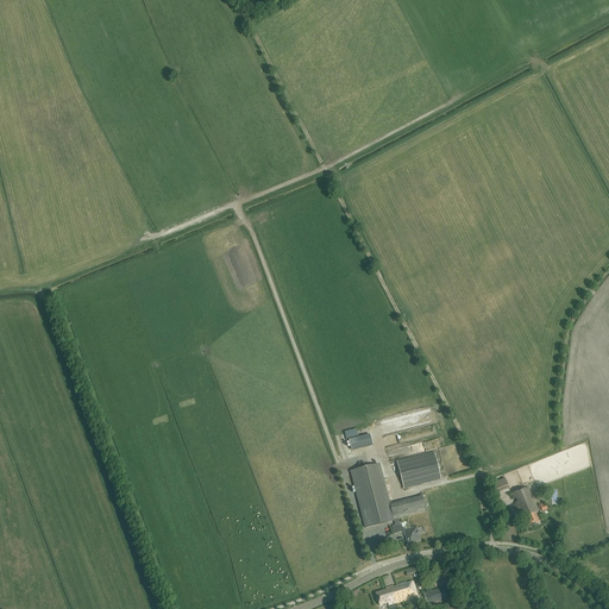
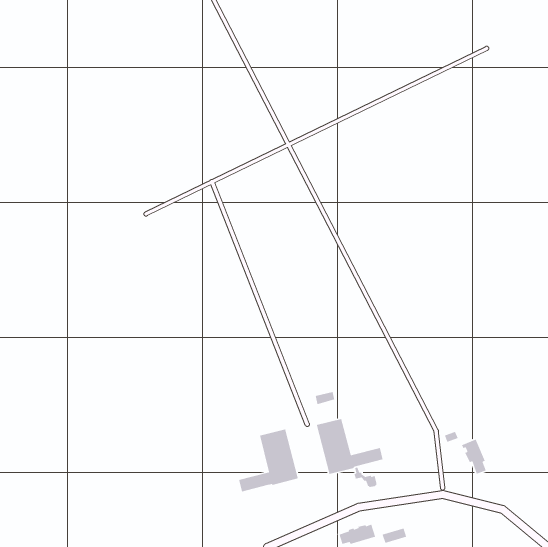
building: [396,451,439,485] -> none
building: none -> [238,428,299,492]

